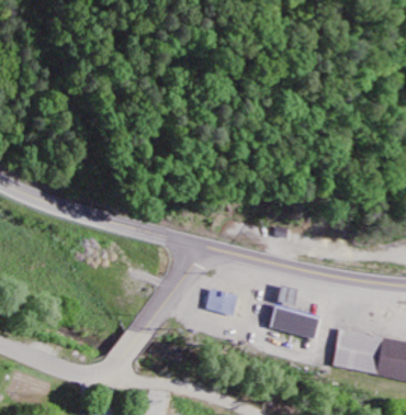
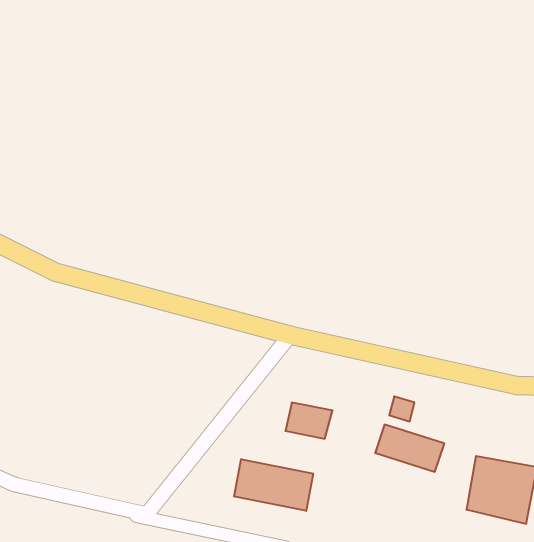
building: none -> [234,459,313,511]

